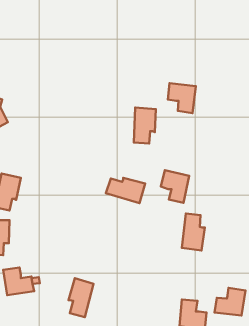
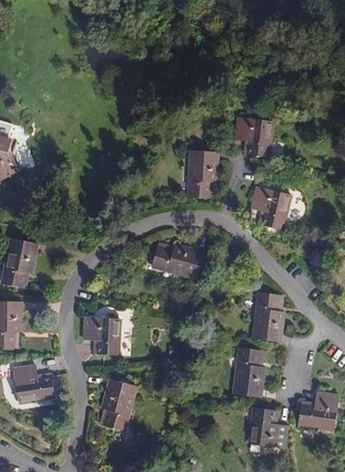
building: [161,170,189,203] -> [251,186,289,229]
building: none -> [83,317,118,355]
building: none -> [233,346,264,397]

